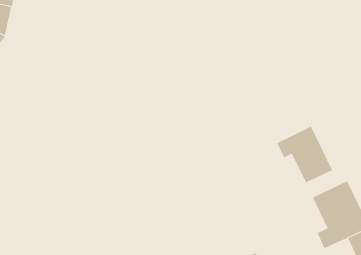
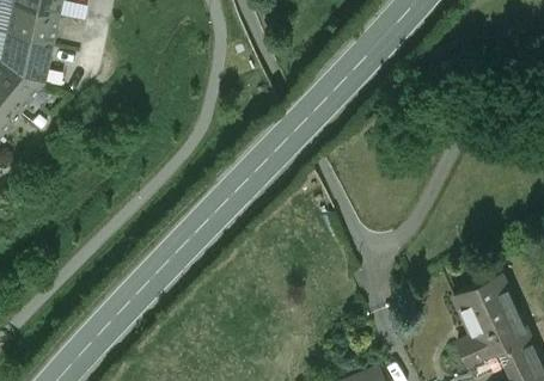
building: [276,126,333,183] -> none

